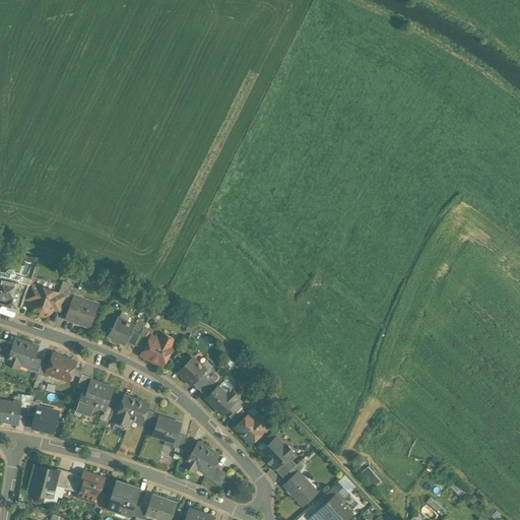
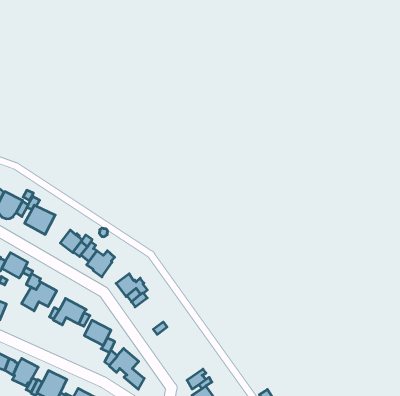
building: [206,380,240,412] -> none
building: [235,413,270,443] -> none
building: [262,437,292,468] -> none

